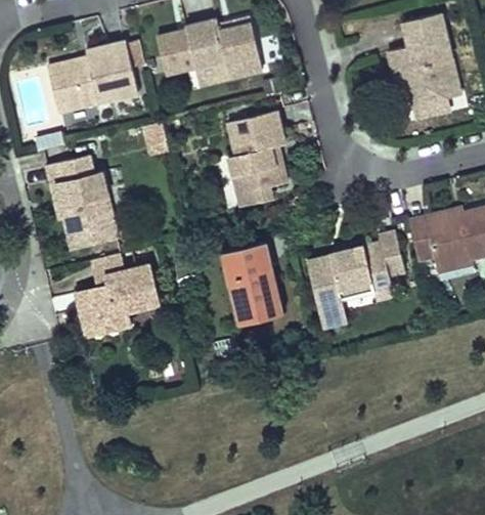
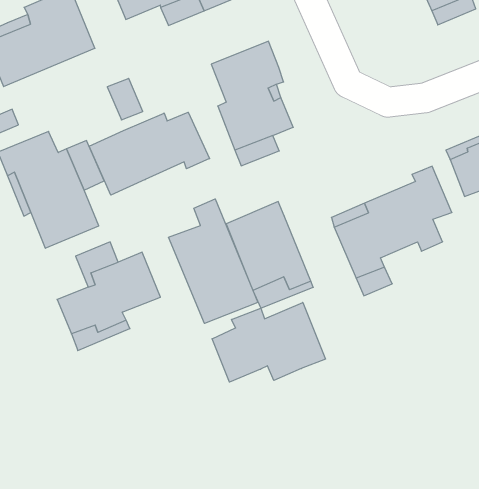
building: none -> [89,112,210,195]
building: none -> [169,199,258,323]
building: none -> [212,302,326,382]

